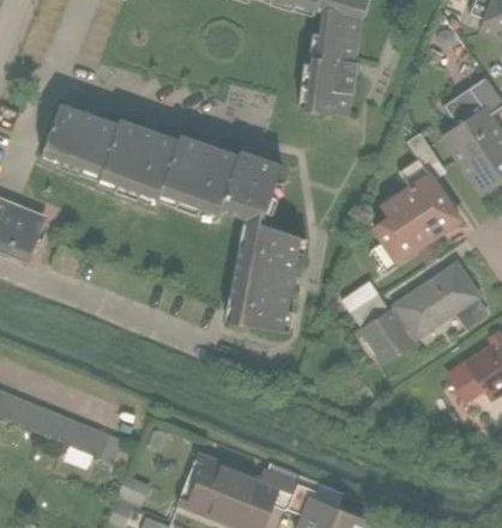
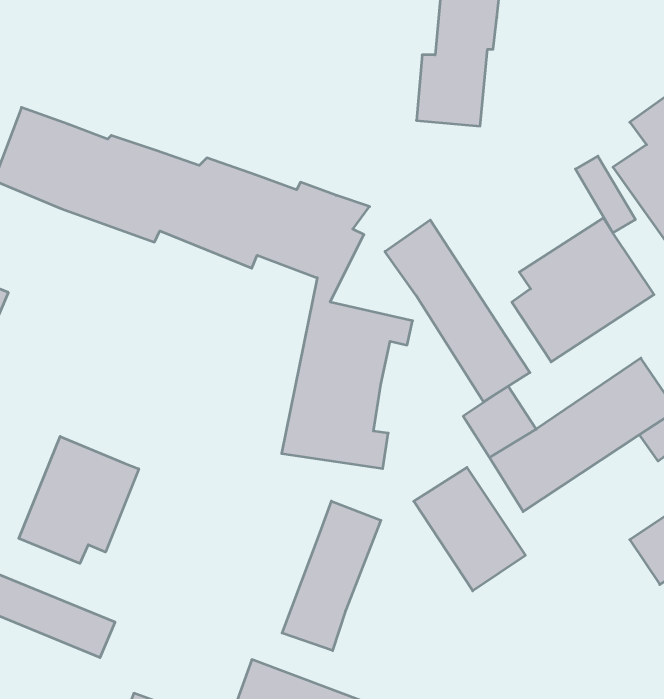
building: none -> [385,220,530,402]
building: none -> [19,436,139,563]
building: none -> [414,467,525,591]
building: none -> [282,501,381,651]

